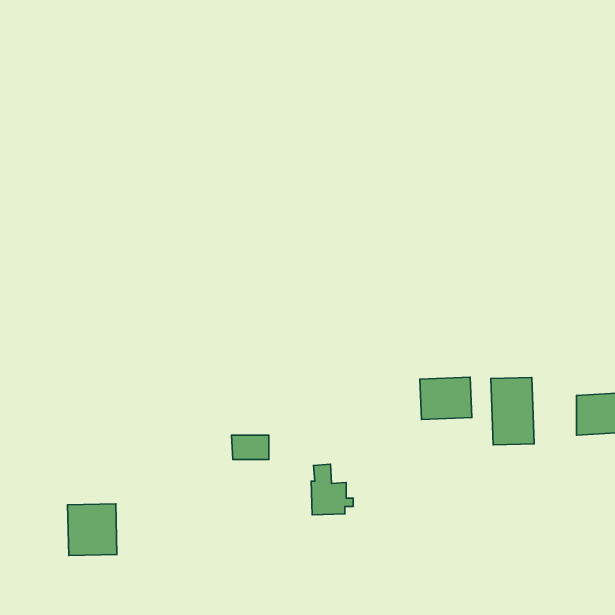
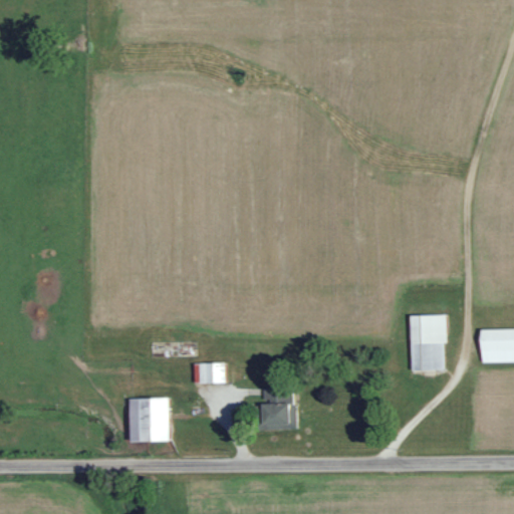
building: [420,377,472,419] -> none
building: [68,504,117,556] -> [127,399,169,442]

